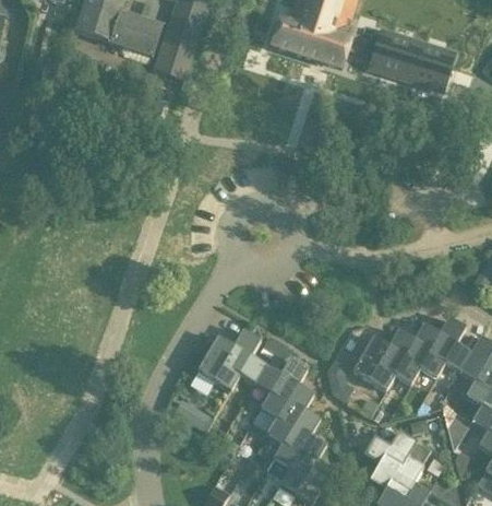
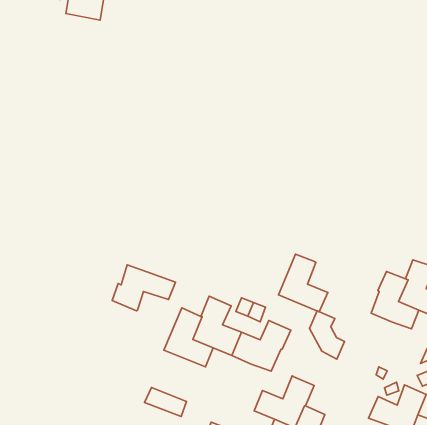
building: none -> [112,265,176,311]
building: [352,337,395,389] -> [278,254,328,312]
building: [260,384,313,426] -> none

